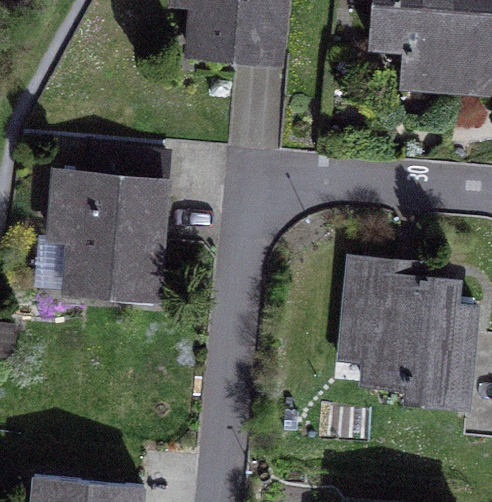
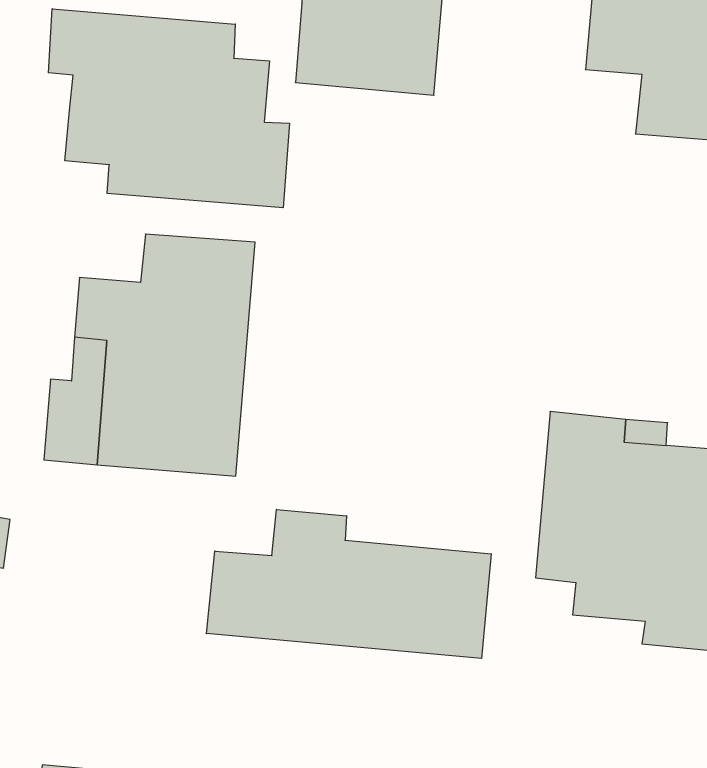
building: none -> [48,9,289,208]
building: none -> [206,509,491,658]

